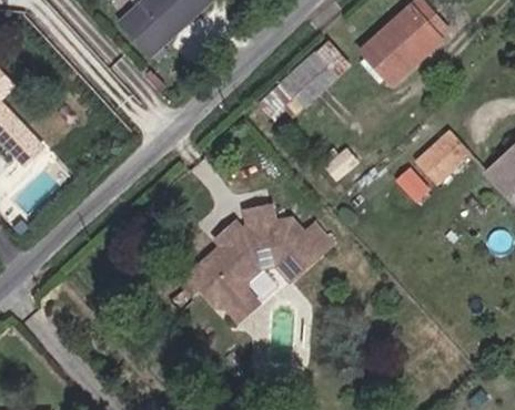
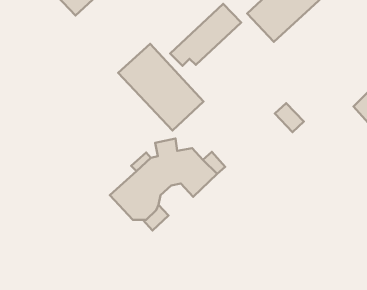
building: none -> [118,44,204,130]
building: [420,132,475,185] -> none

